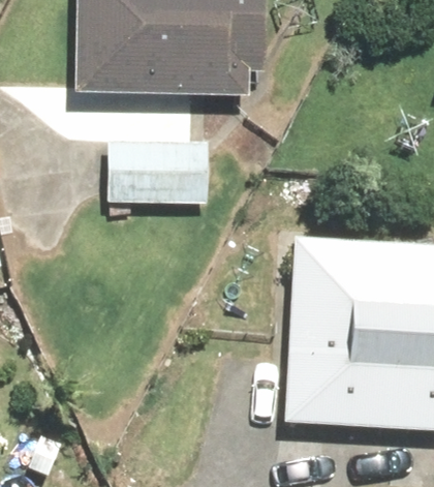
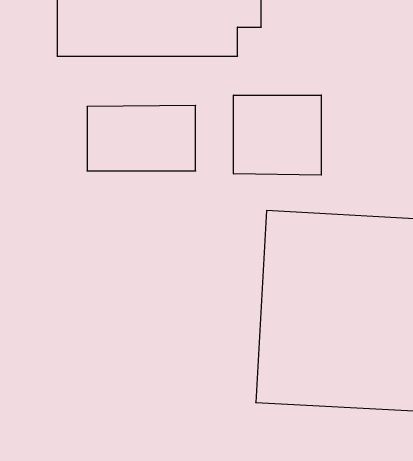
building: none -> [234,95,321,175]

